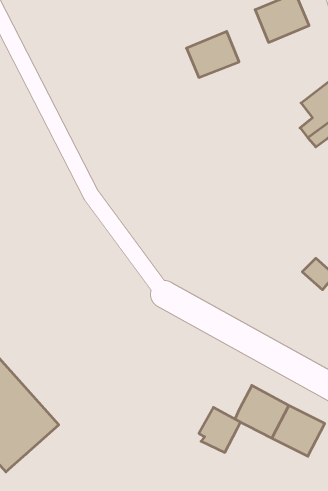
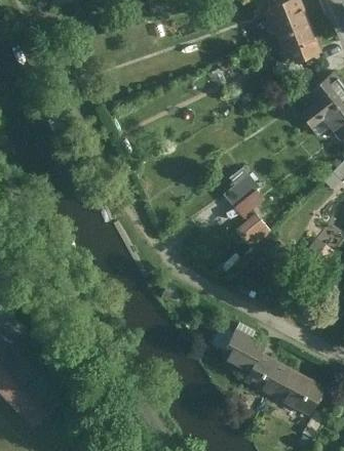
building: [186,31,239,77] -> [274,25,322,67]
building: none -> [222,165,265,215]
building: none -> [236,212,273,249]
building: [199,407,240,452] -> [224,333,262,374]

